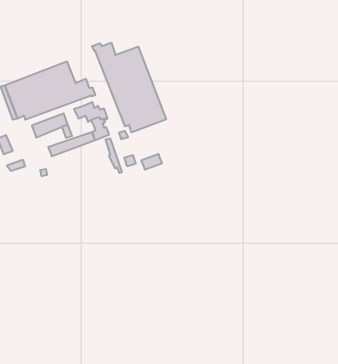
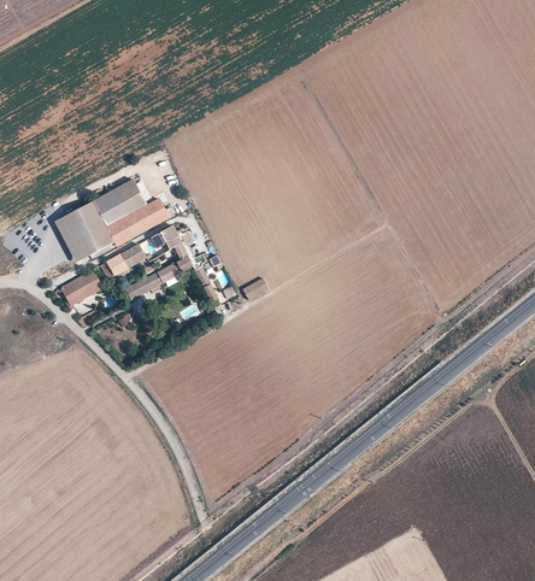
building: [92,43,166,132] -> none
building: none -> [70,269,102,299]

